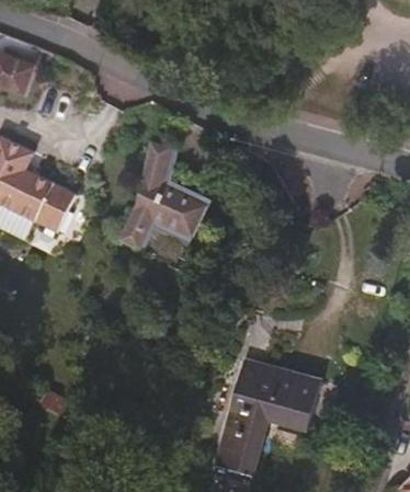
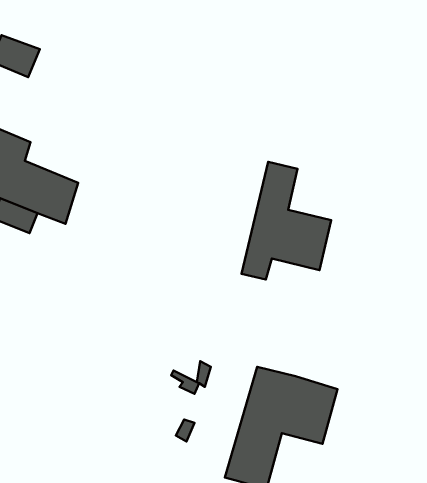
building: [123,139,207,250] -> [242,162,331,280]

